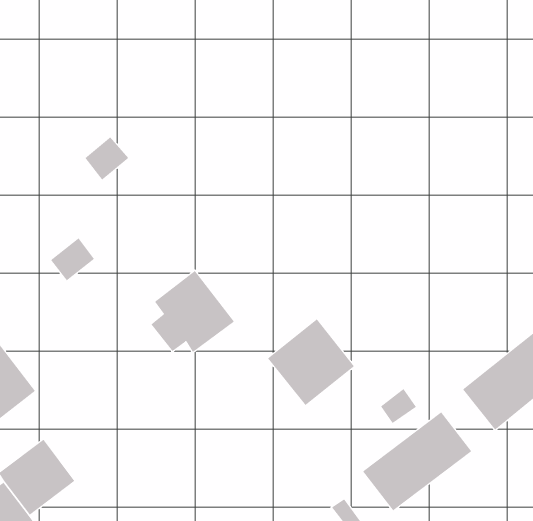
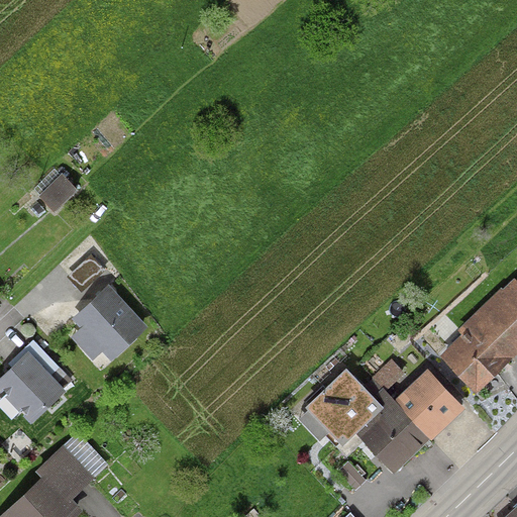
building: [84,137,129,181] -> [39,174,79,213]
building: [151,270,235,353] -> [74,287,147,360]
building: [267,319,355,406] -> [304,369,382,446]

